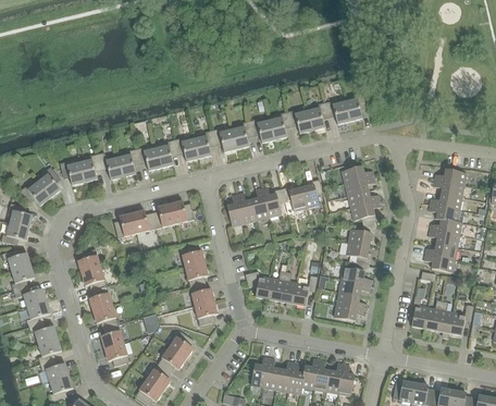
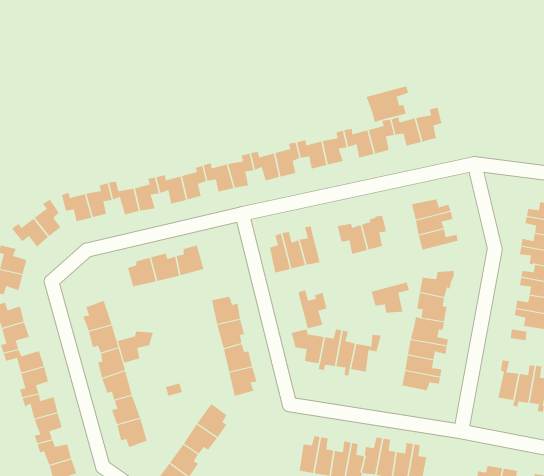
building: none -> [366,85,409,123]
building: [261,185,285,217] -> [298,290,327,329]
building: [170,199,194,226] -> none
building: [350,199,382,224] -> [371,282,410,313]
building: none -> [117,331,153,363]

